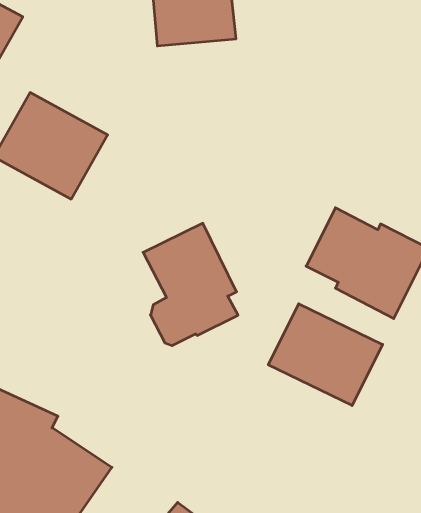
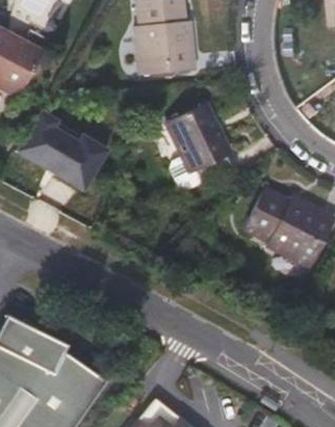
building: [143,223,238,346] -> [165,105,233,192]
building: [268,304,383,406] -> none

